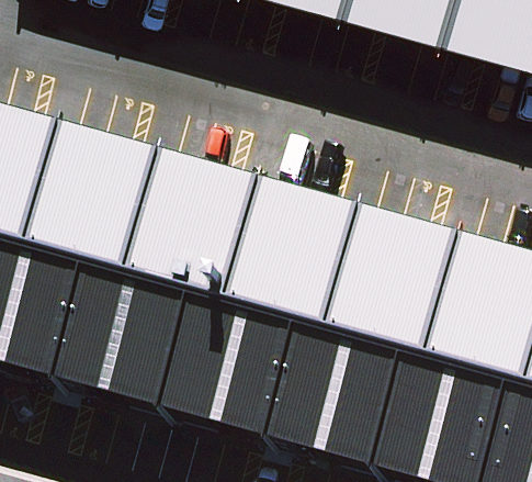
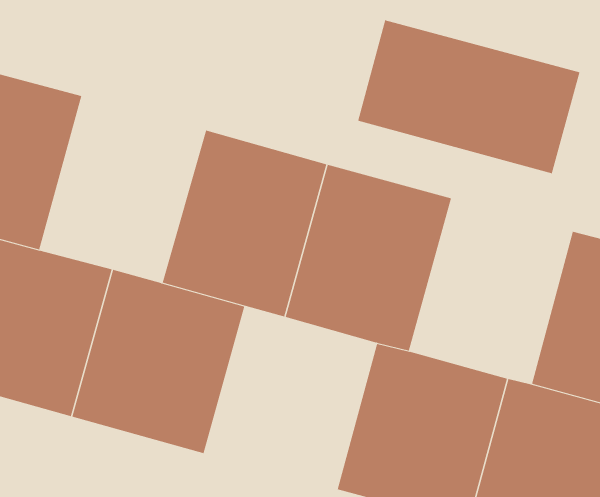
building: none -> [358,19,580,174]
building: [41,124,173,274] -> none
building: [337,206,467,356] -> none
building: [172,293,310,440] -> none

